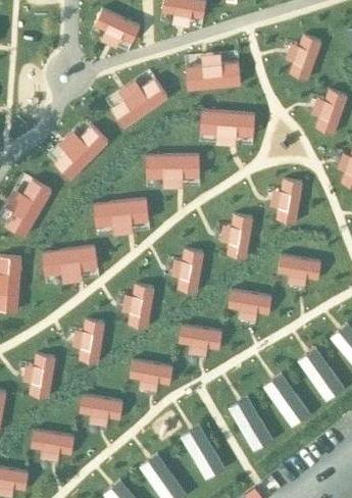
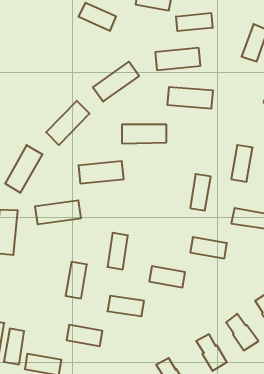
building: none -> [176,13,213,31]
building: [178,250,203,293] -> none
building: [30,355,54,398] -> [4,329,24,364]

